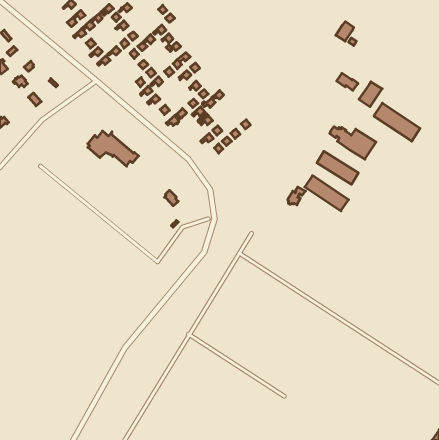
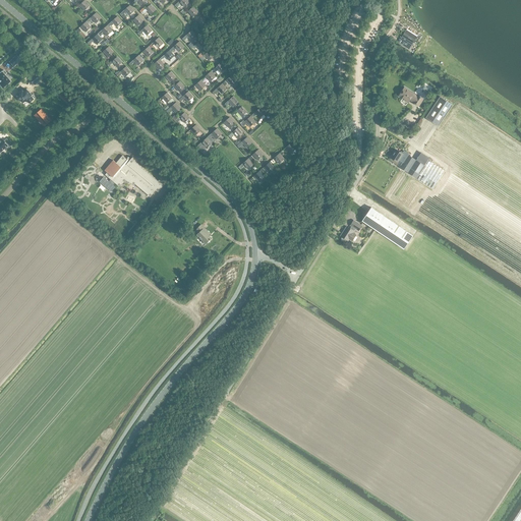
building: [374,103,420,141] -> none
building: [317,151,358,184] -> none

